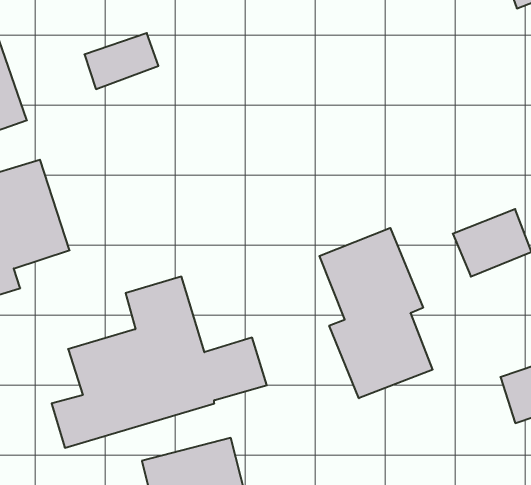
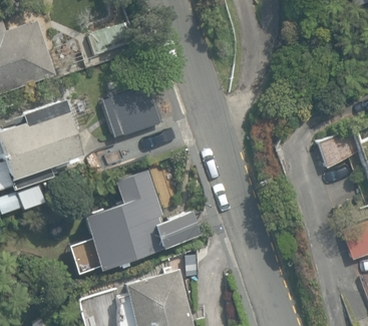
building: none -> [110,84,161,135]
building: [319,228,433,398] -> none

